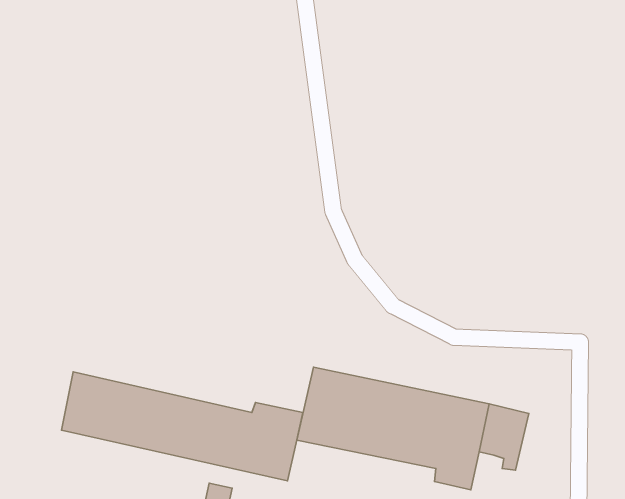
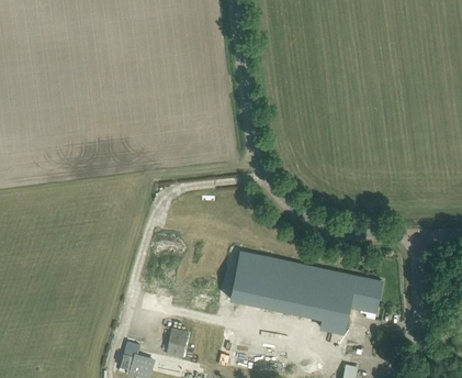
building: [62,372,303,481] -> none

